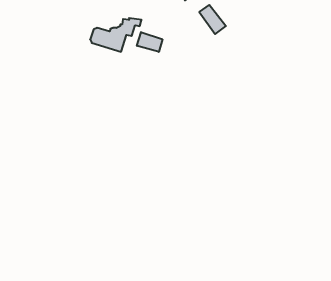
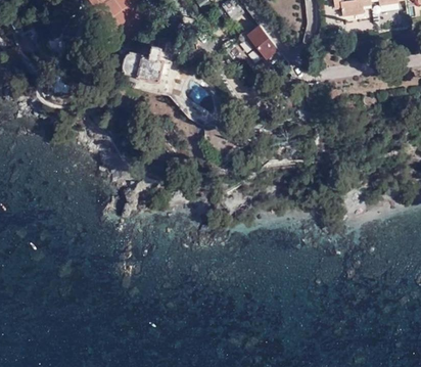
building: [137,32,162,52] -> none

